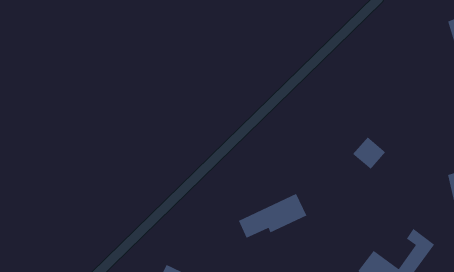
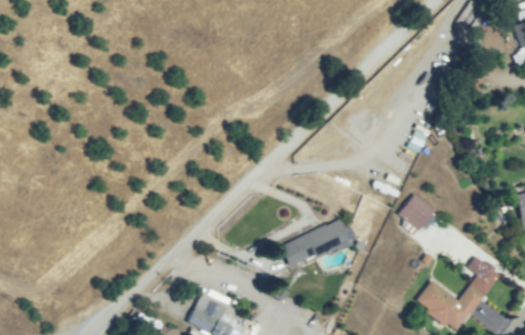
building: [352,137,386,170] -> [399,193,437,229]

